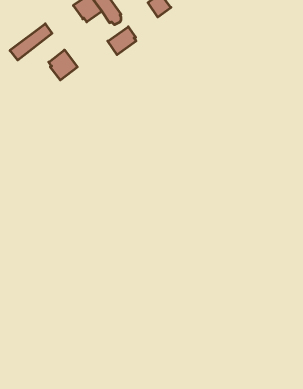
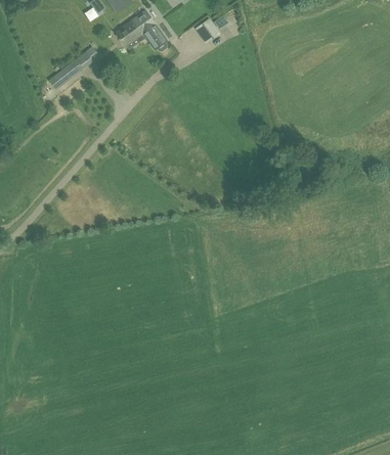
building: [108,27,136,55] -> none
building: [49,50,77,80] -> none

